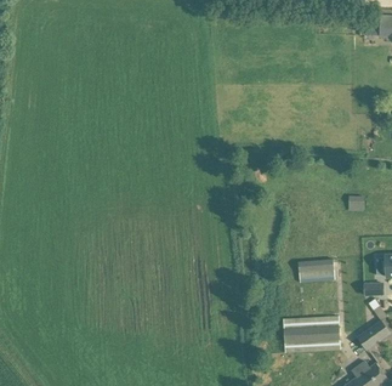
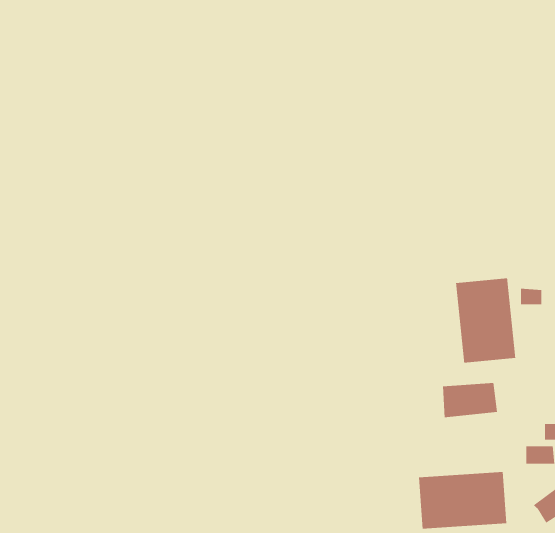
building: none -> [456,277,516,364]

